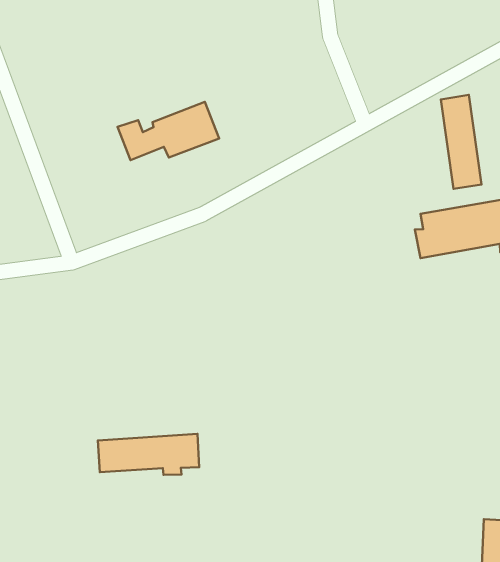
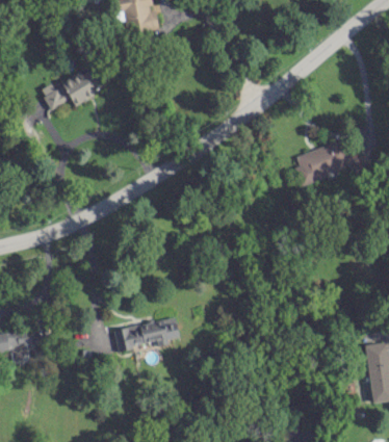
building: [441,95,481,189] -> none
building: [117,102,219,160] -> [41,67,106,110]

